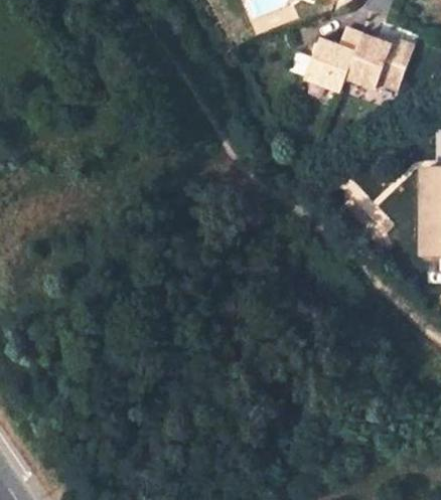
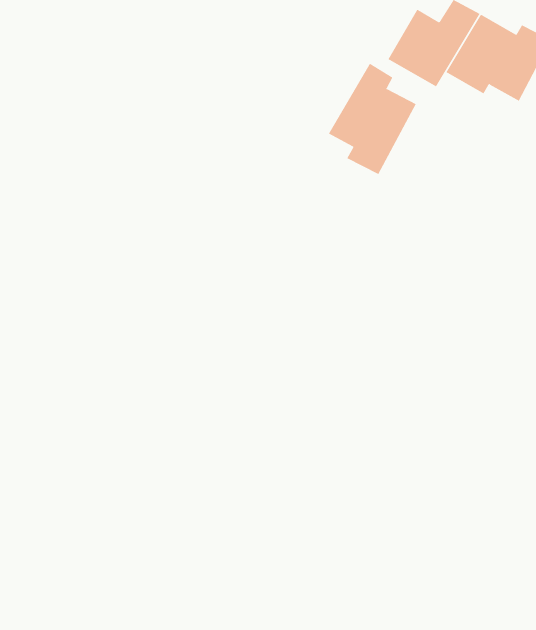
building: none -> [328,63,417,175]

